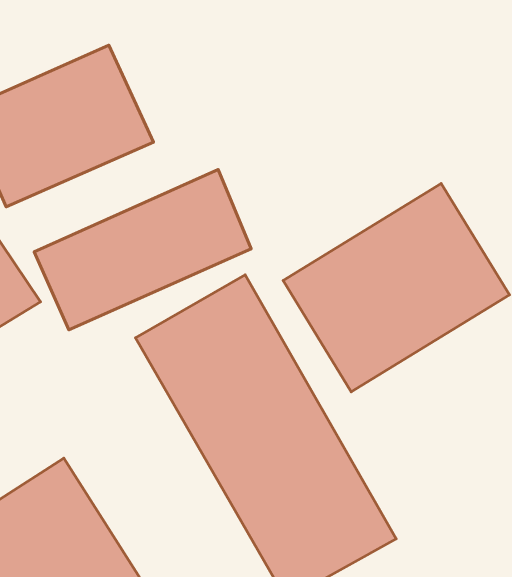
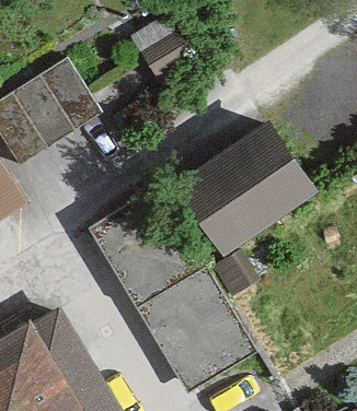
building: [34,170,251,330] -> none

